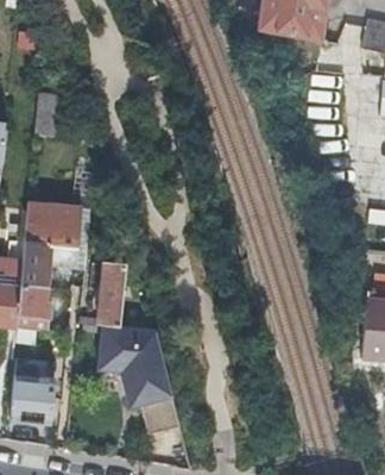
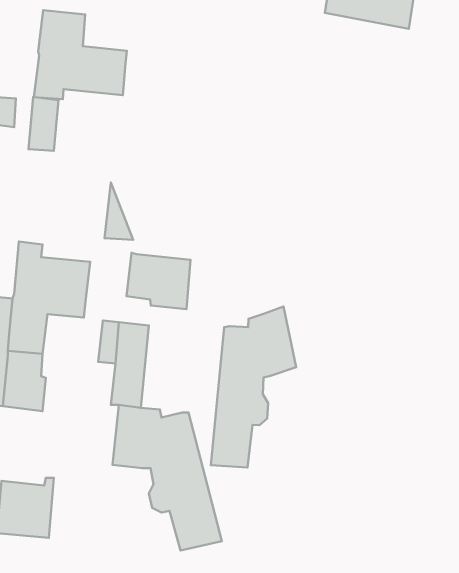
building: none -> [34,10,127,99]
building: none -> [127,253,191,309]
building: none -> [211,306,296,468]

